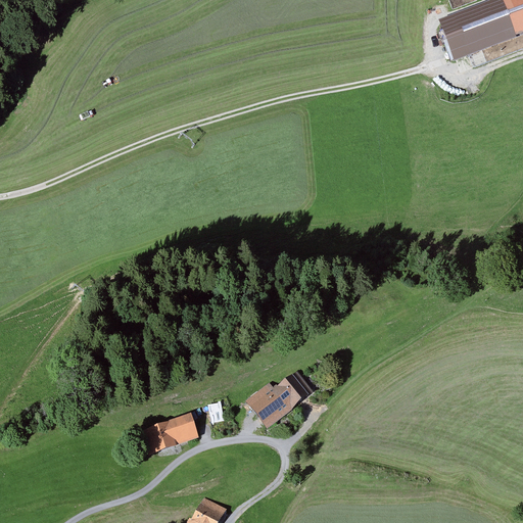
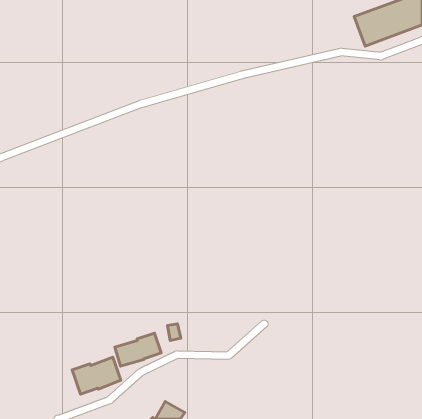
building: [245,370,314,427] -> none
building: none -> [72,357,121,394]

